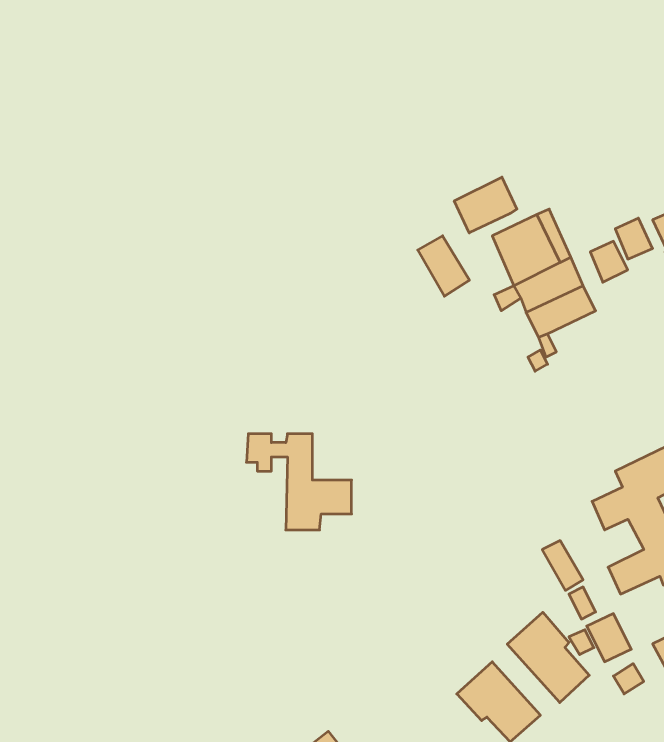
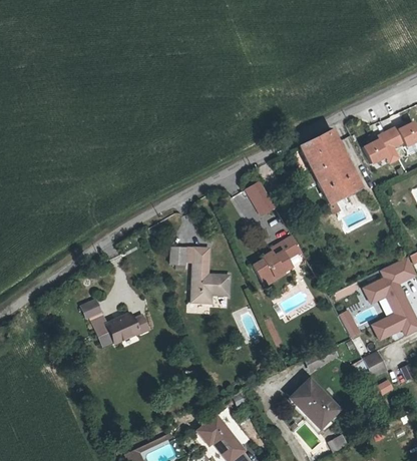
building: [454,177,517,233] -> none
building: [418,236,469,296] -> [241,182,270,216]
building: none -> [255,239,303,284]
building: none -> [77,295,148,347]
building: [507,612,589,703] -> none

